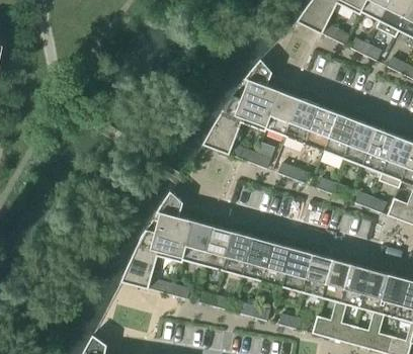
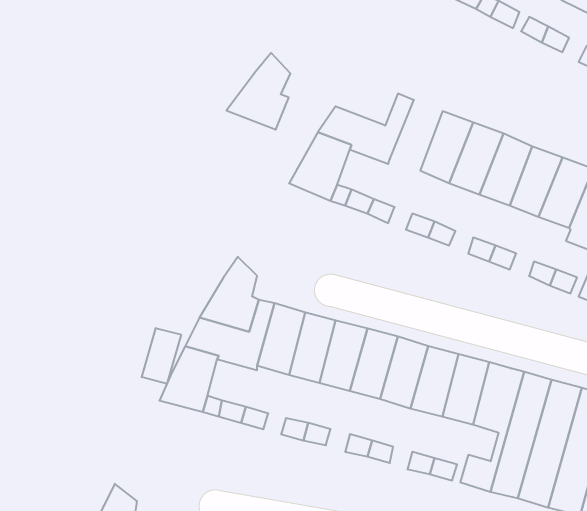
building: [233,59,273,107] -> [226,53,290,130]
building: [267,91,301,136] -> none
building: none -> [142,328,181,384]

